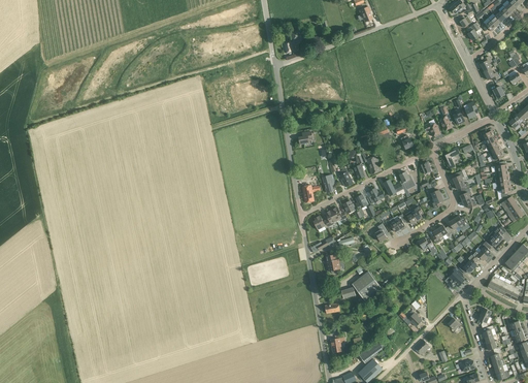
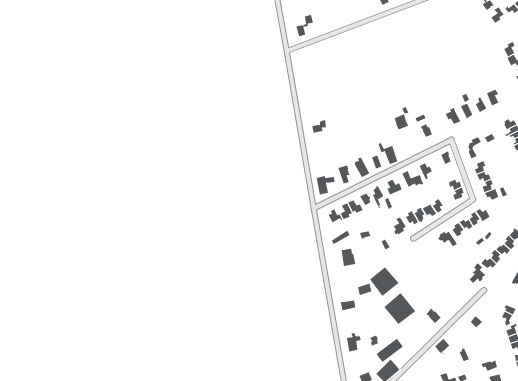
building: none -> [384,292,416,325]

